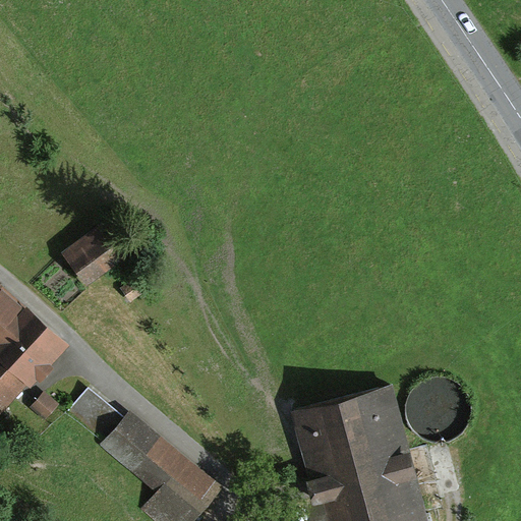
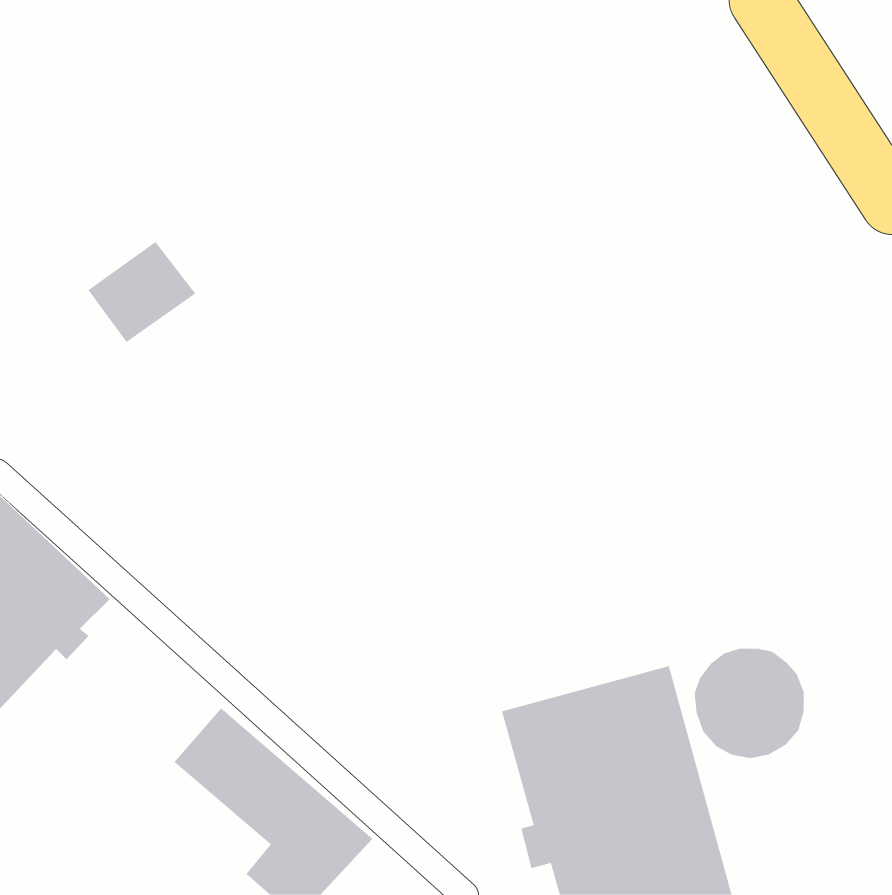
building: [63,225,126,284] -> [88,241,196,343]
building: [69,388,123,440] -> none

